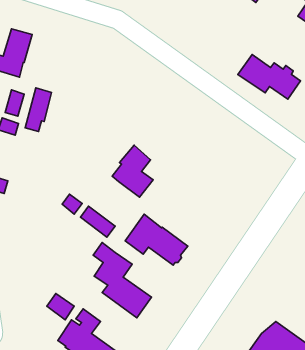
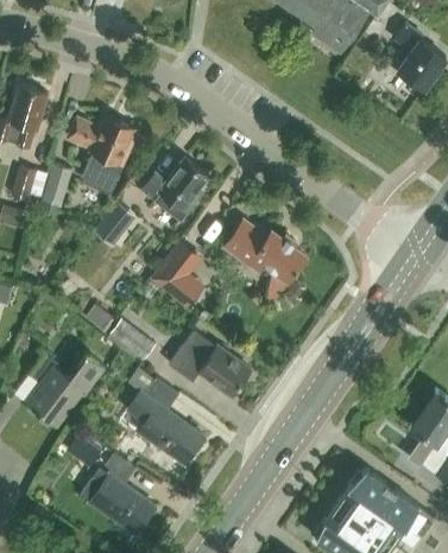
building: none -> [68,119,133,195]
building: [238,55,301,99] -> [223,223,305,281]
building: none -> [141,159,208,222]
building: none -> [94,202,137,246]
building: none -> [27,355,106,426]

